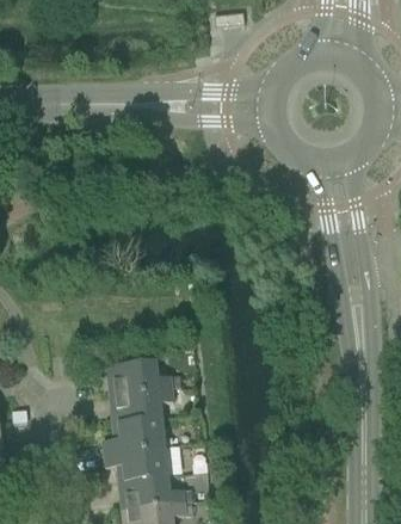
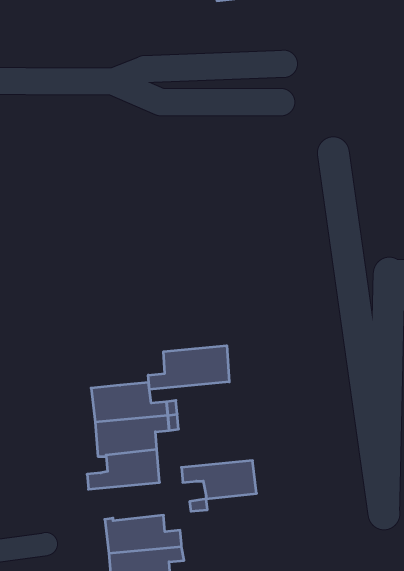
building: none -> [148,346,229,390]
building: [104,445,169,479] -> [181,461,257,499]

